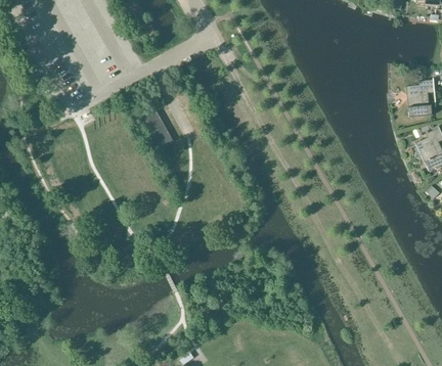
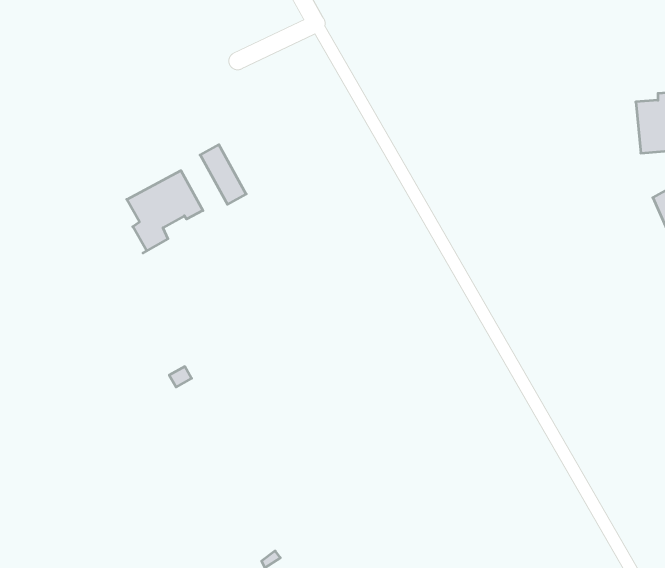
building: none -> [127,171,203,253]

